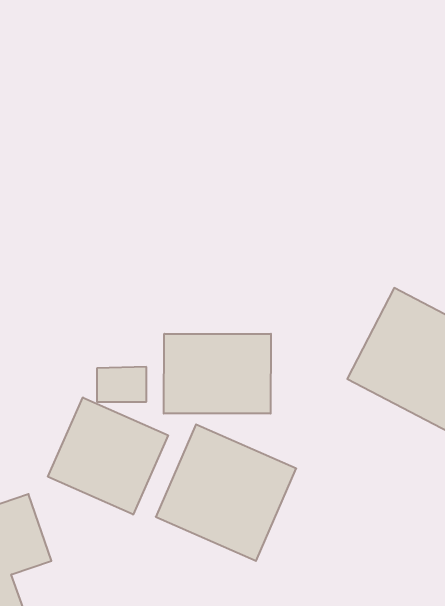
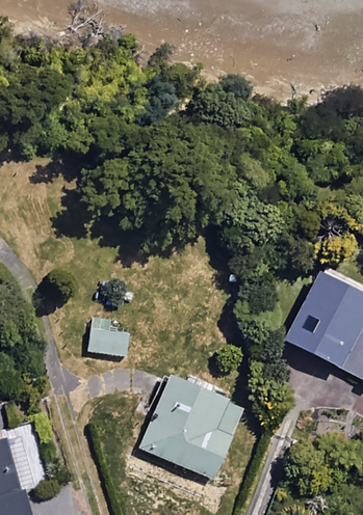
building: [164,334,271,414] -> none
building: [48,397,168,515] -> none

